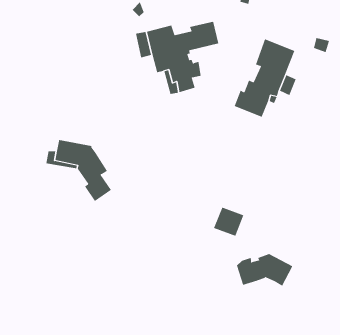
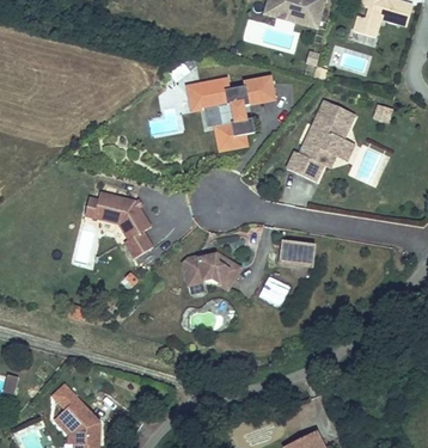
building: none -> [281,241,314,266]
building: [236,253,293,287] -> [182,252,241,288]

